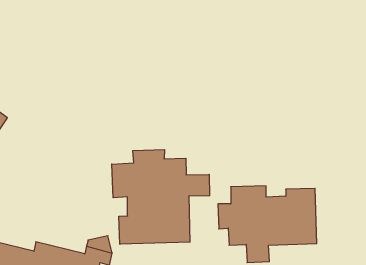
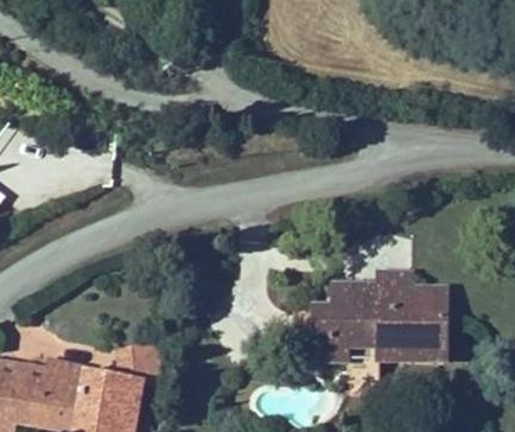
building: [112,150,210,244] -> none

